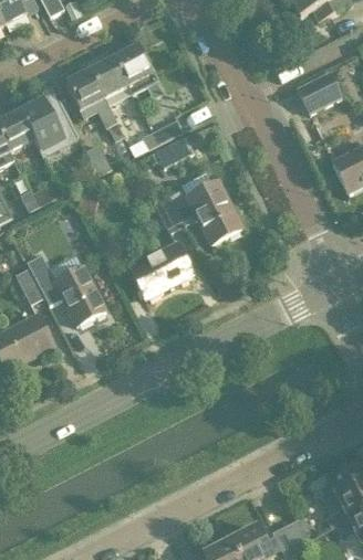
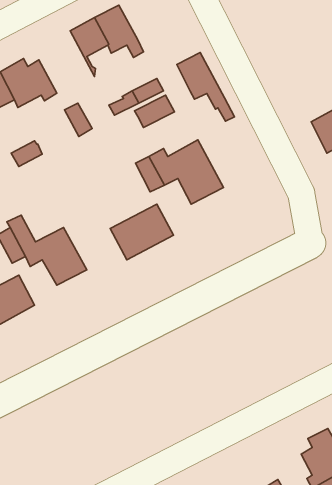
building: [294,70,342,114] -> none
building: [66,71,124,139] -> [177,52,235,121]

